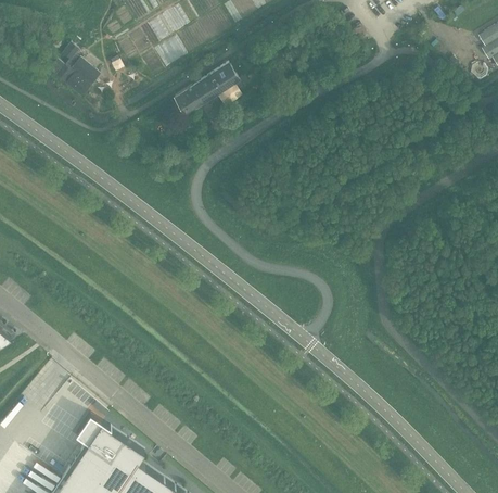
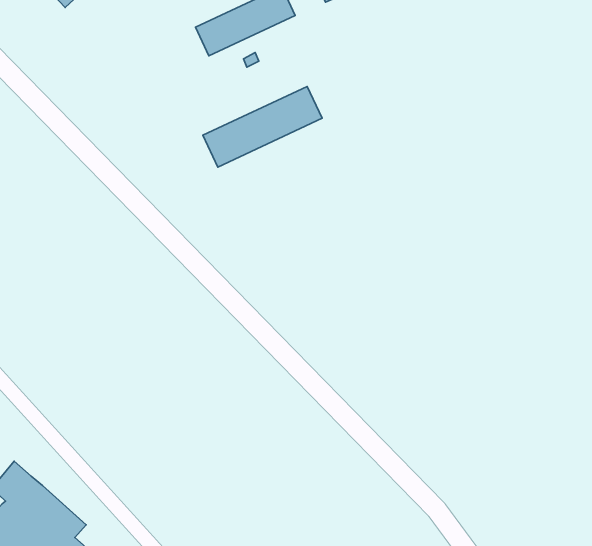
building: none -> [203,86,322,167]

